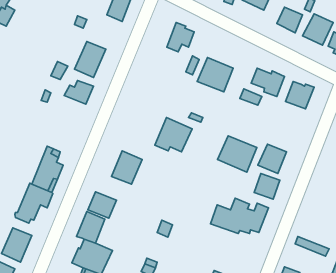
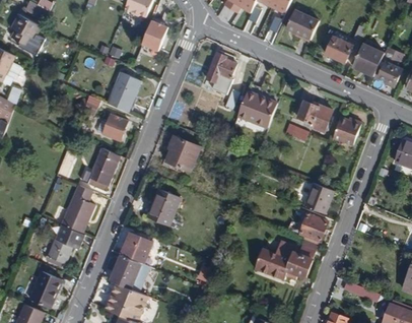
building: none -> [89,147,121,189]
building: [155,117,192,152] -> [160,134,200,171]
building: [217,136,257,172] -> none

